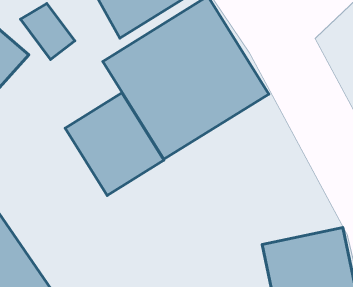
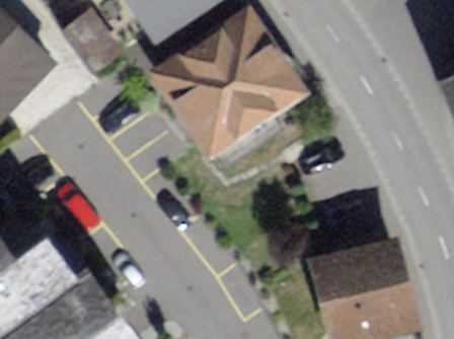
building: [65,93,164,196] -> none

